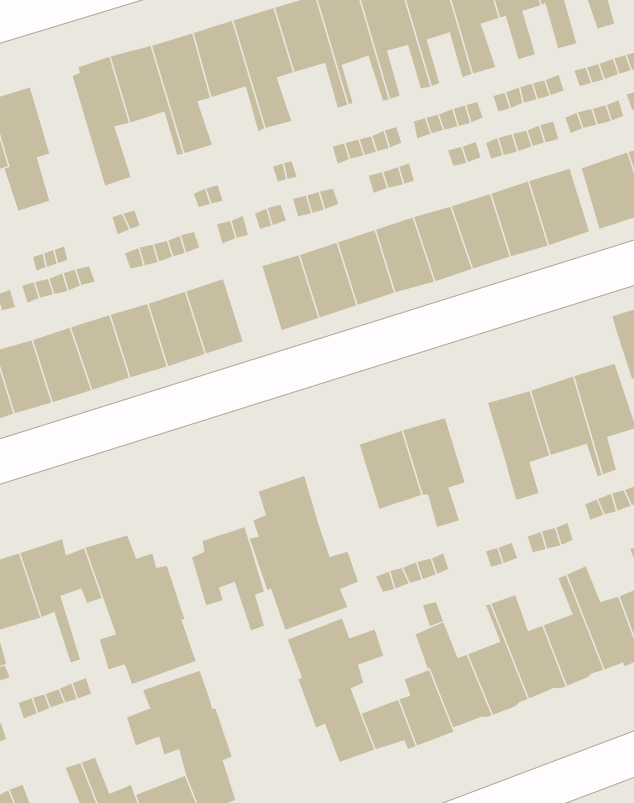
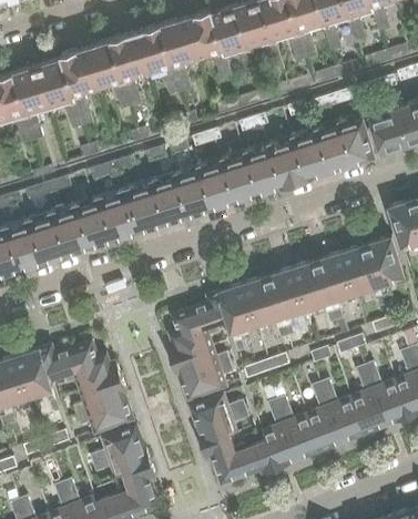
building: none -> [31,61,77,130]
building: none -> [150,177,185,224]
building: none -> [286,262,324,311]
building: [191,526,265,631] -> [200,287,245,352]

